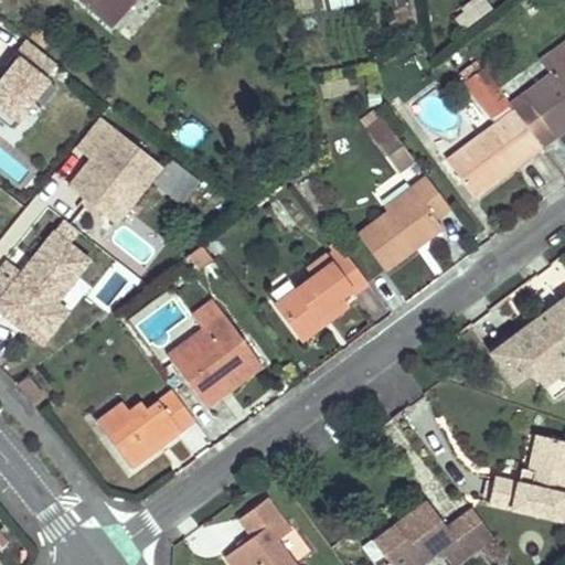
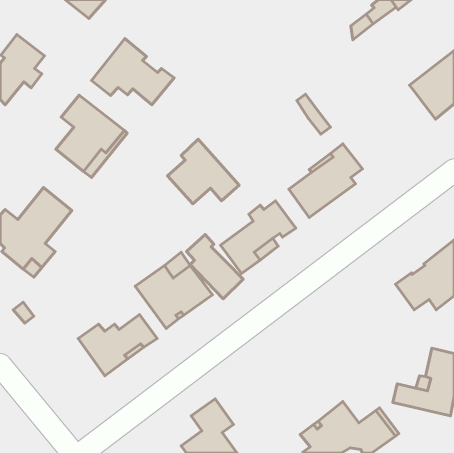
building: none -> [91,39,174,105]
building: [444,68,541,200] -> none
building: [153,160,198,203] -> none
building: none -> [168,139,239,204]
building: none -> [186,235,243,299]

